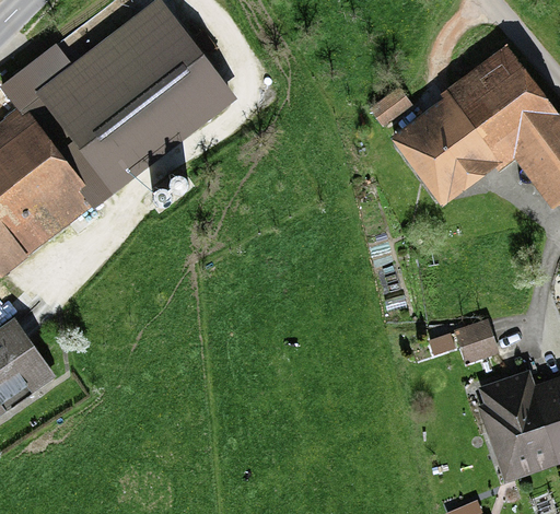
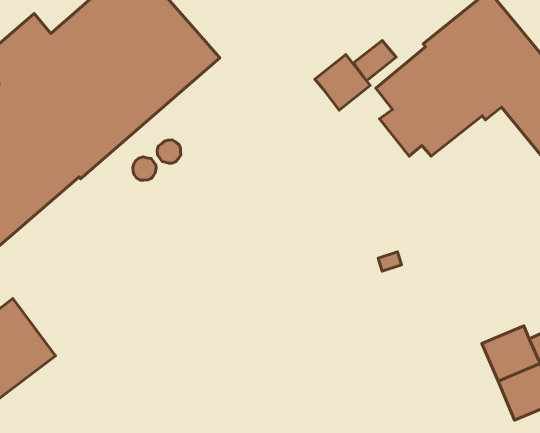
building: none -> [315,54,370,110]
building: [428,319,499,365] -> none

